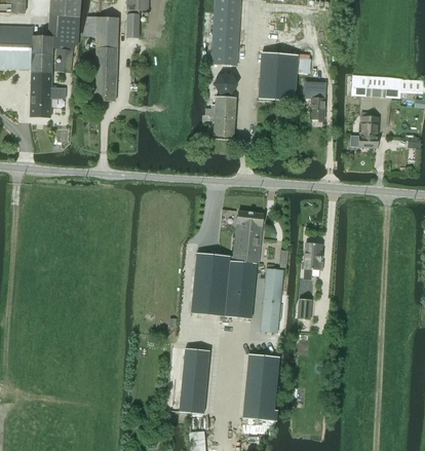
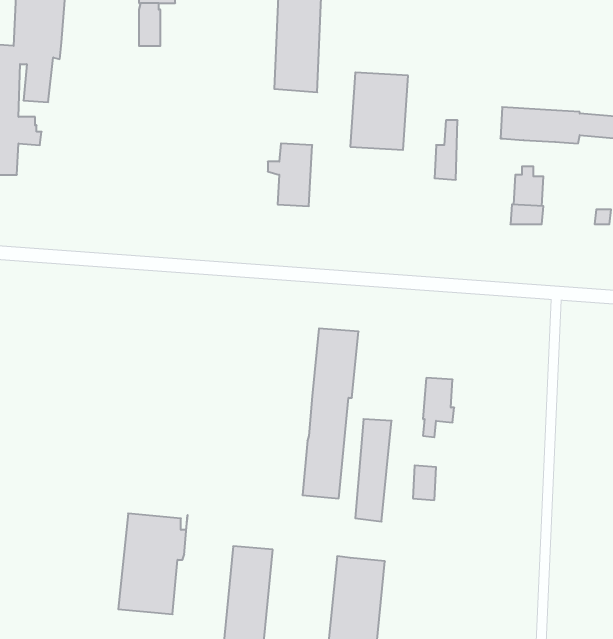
building: [83,15,118,100] -> none
building: [214,73,237,95] -> none
building: [191,253,234,315] -> [118,513,188,614]

